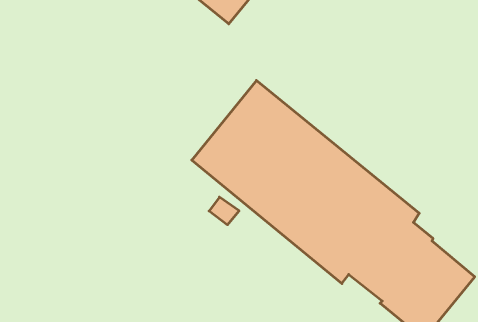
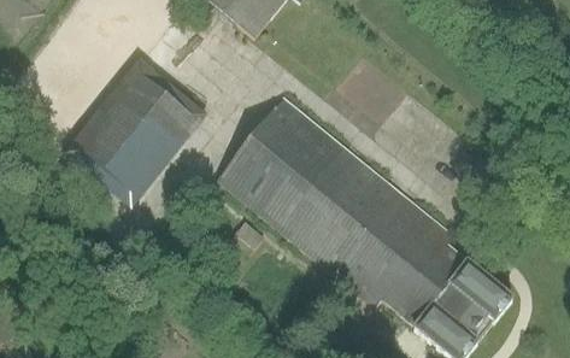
building: none -> [65,54,208,204]

